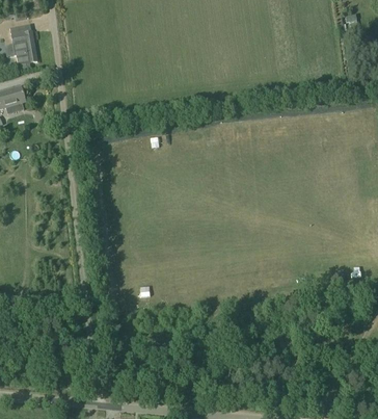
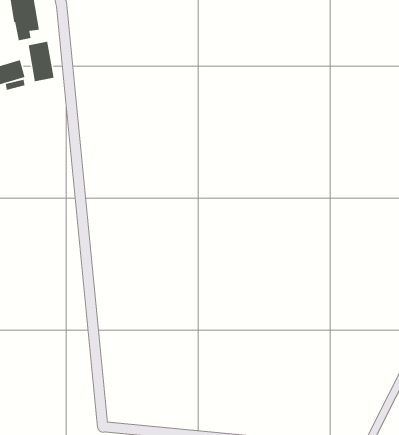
building: none -> [28,41,54,82]

